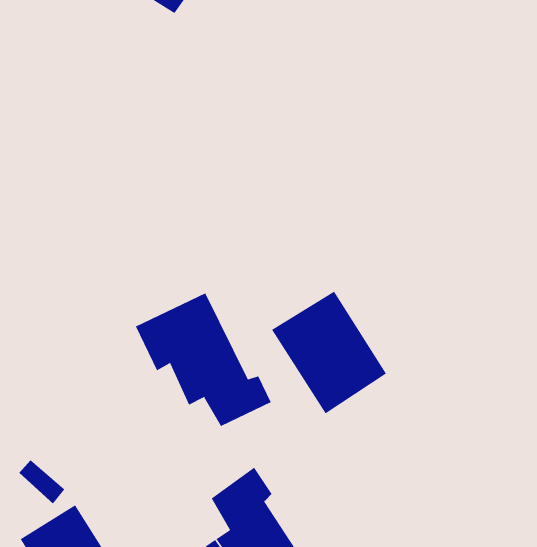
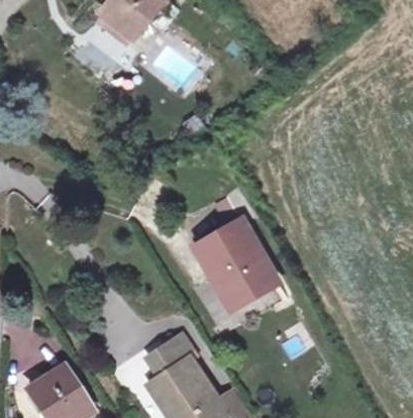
building: [135,293,272,427] -> none

